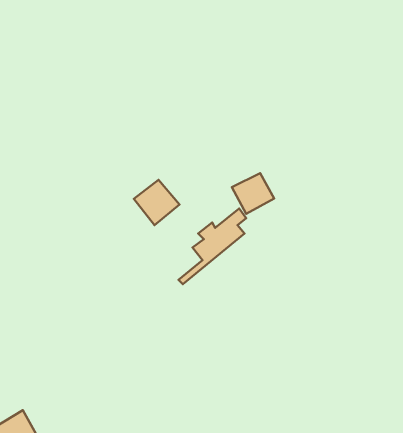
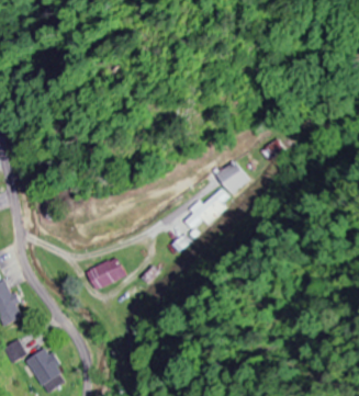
building: [134,180,180,225] -> none
building: none -> [88,257,127,291]

